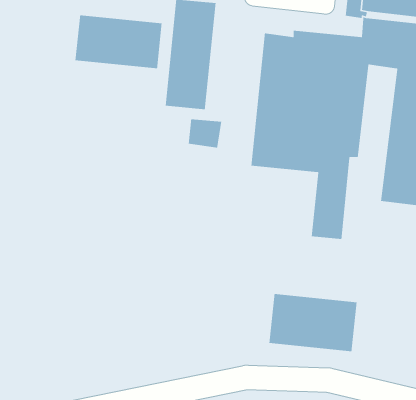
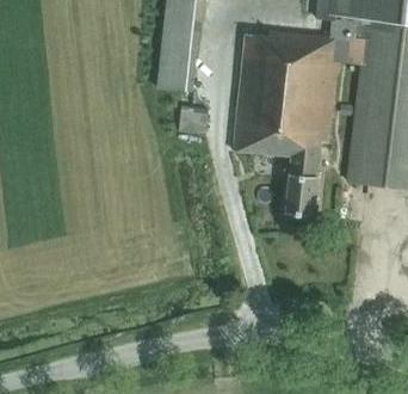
building: [75,14,163,69] -> none
building: [269,293,357,352] -> none

